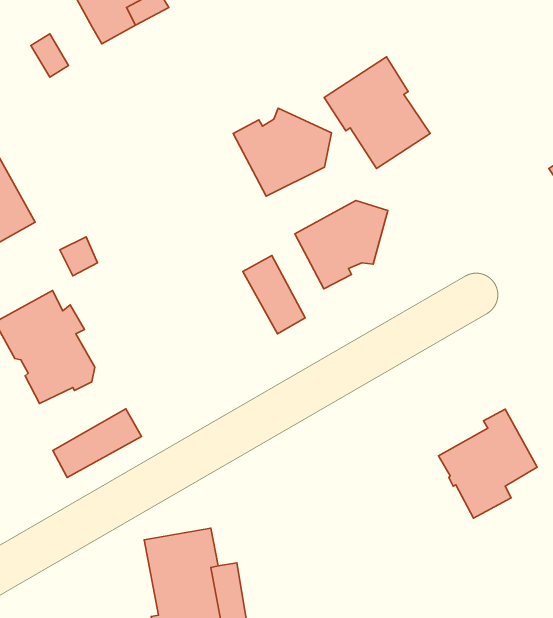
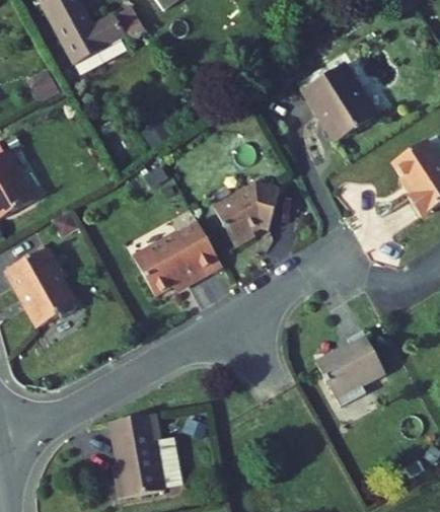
building: [324,57,430,168] -> [301,61,375,139]
building: [233,108,331,196] -> none
building: none -> [134,230,203,294]
building: [53,409,141,478] -> none

